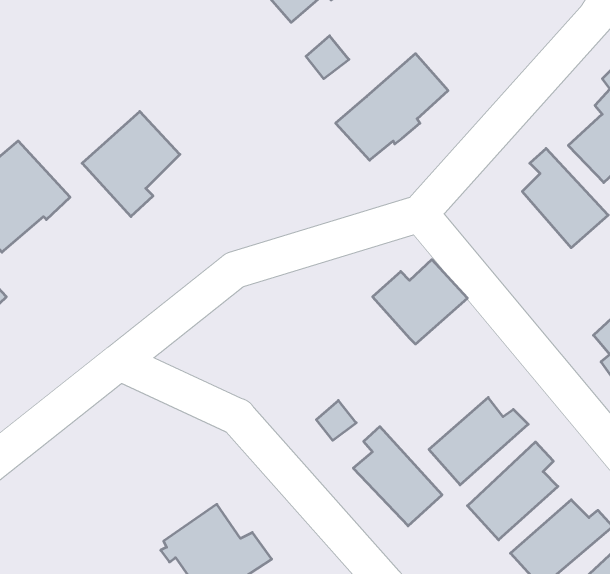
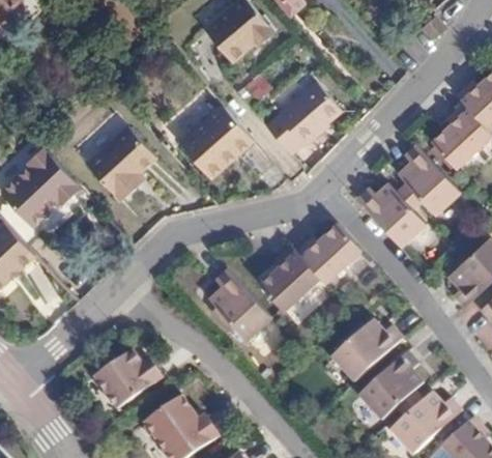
building: none -> [184,110,257,180]
building: none -> [353,185,421,248]
building: none -> [257,248,317,312]
building: [353,427,442,526] -> [205,273,267,342]
building: none -> [96,351,165,409]

